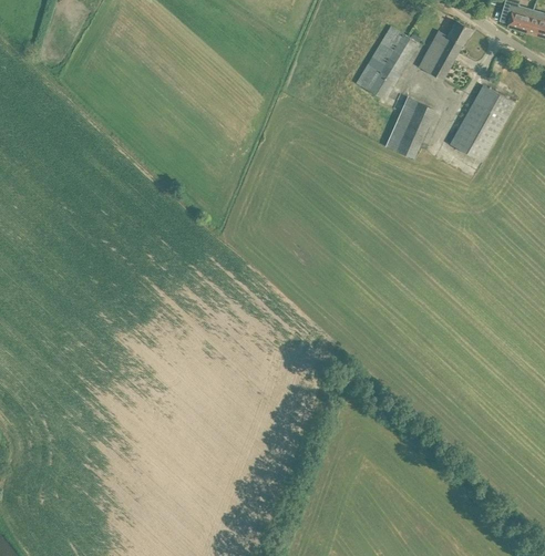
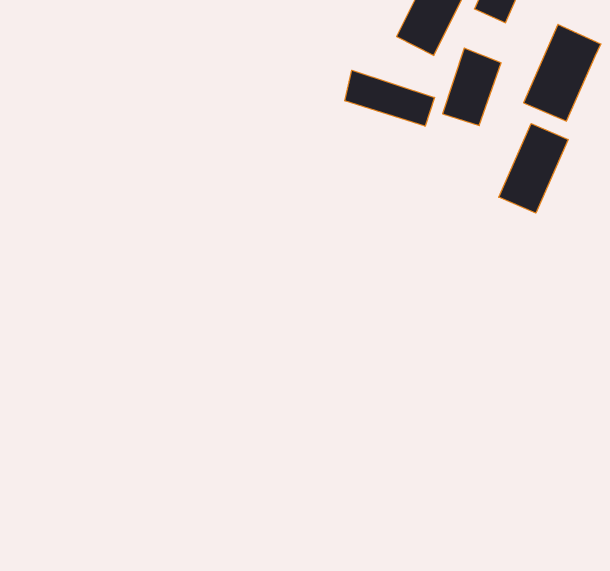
building: none -> [345,70,435,126]
building: none -> [499,124,568,213]

